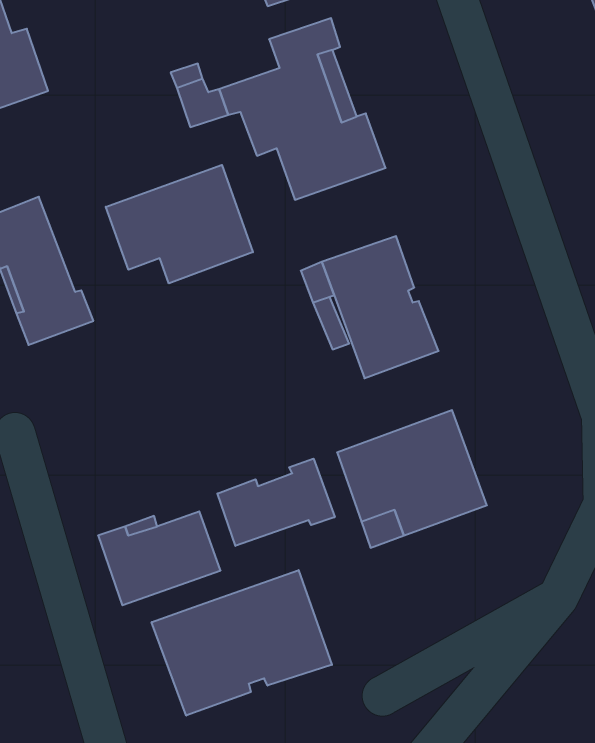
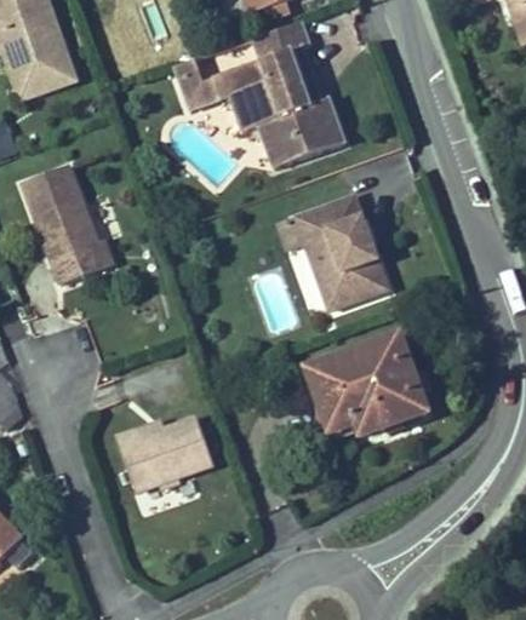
building: [106,165,253,283] -> none
building: [217,459,335,546] -> none
building: [152,570,332,716] -> none

